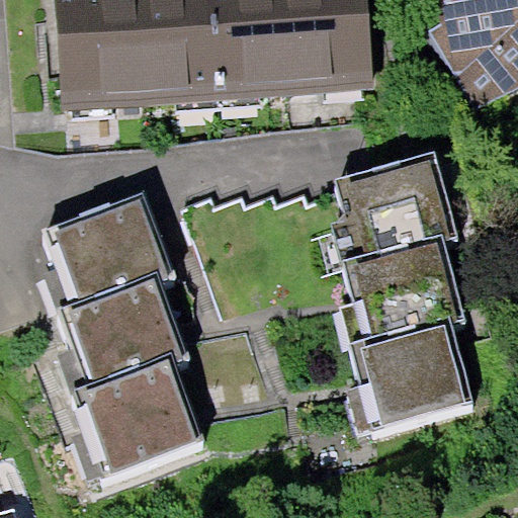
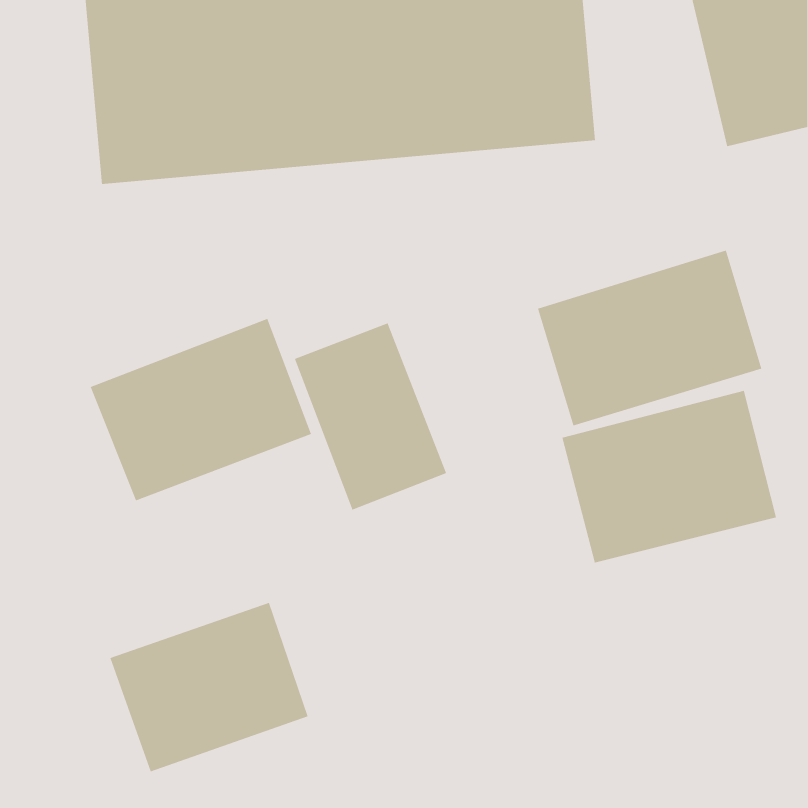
building: none -> [294,322,447,511]
building: [66,290,188,393] -> none
building: [346,329,474,423] -> none

